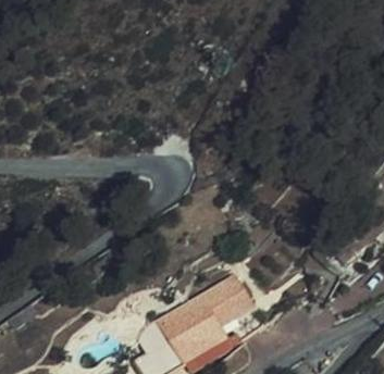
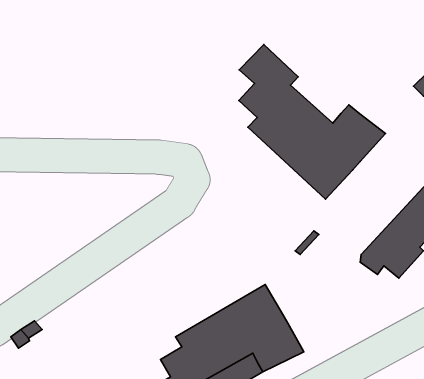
building: none -> [239,44,386,199]

